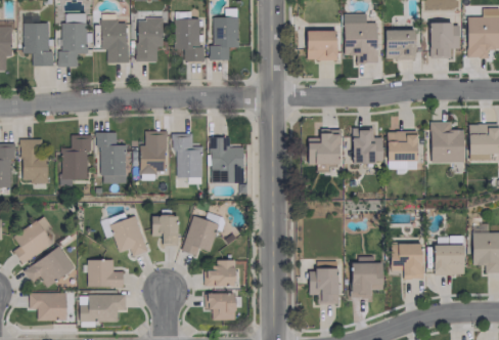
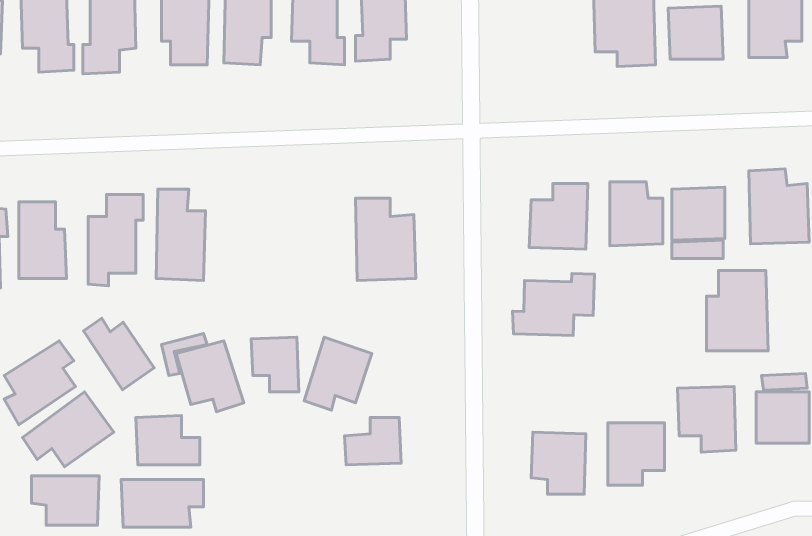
building: [308,31,337,59] -> none
building: [140,131,167,180] -> none
building: [173,133,203,178] -> none
building: none -> [707,271,768,351]
building: none -> [512,274,594,335]
building: none -> [83,318,154,390]
building: [205,293,236,321] -> none

